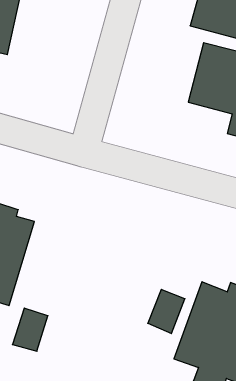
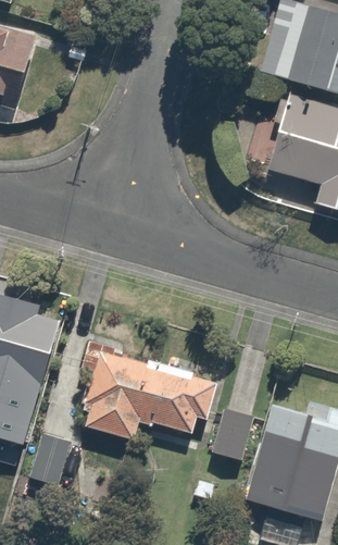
building: none -> [75,339,220,444]

